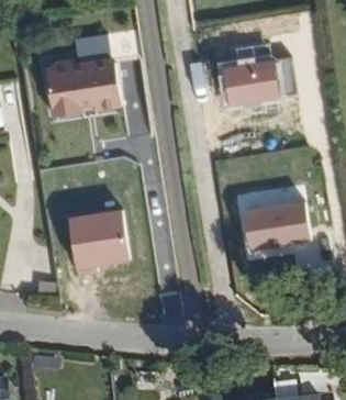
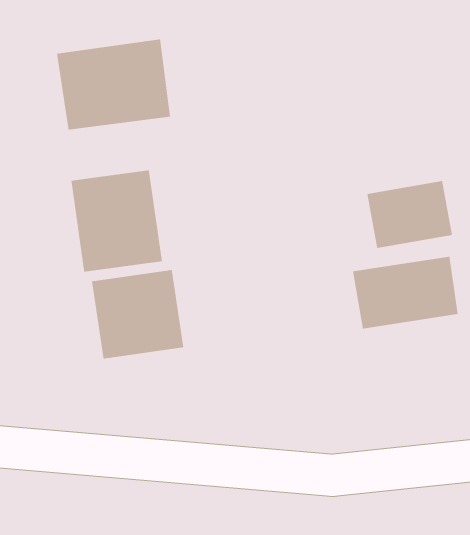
building: [221,52,278,97] -> [366,180,453,248]
building: none -> [71,170,162,273]

